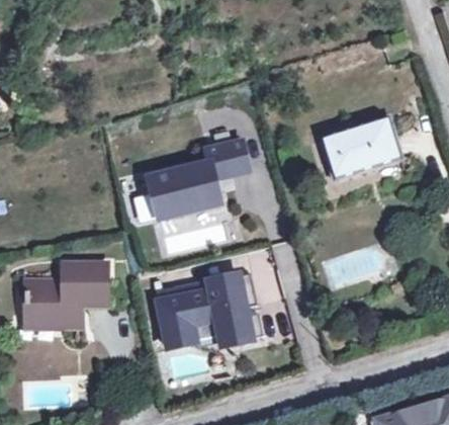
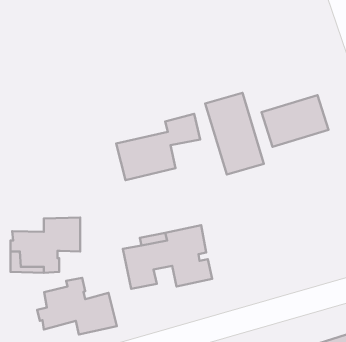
building: none -> [205,93,264,174]
building: none -> [37,278,117,334]

